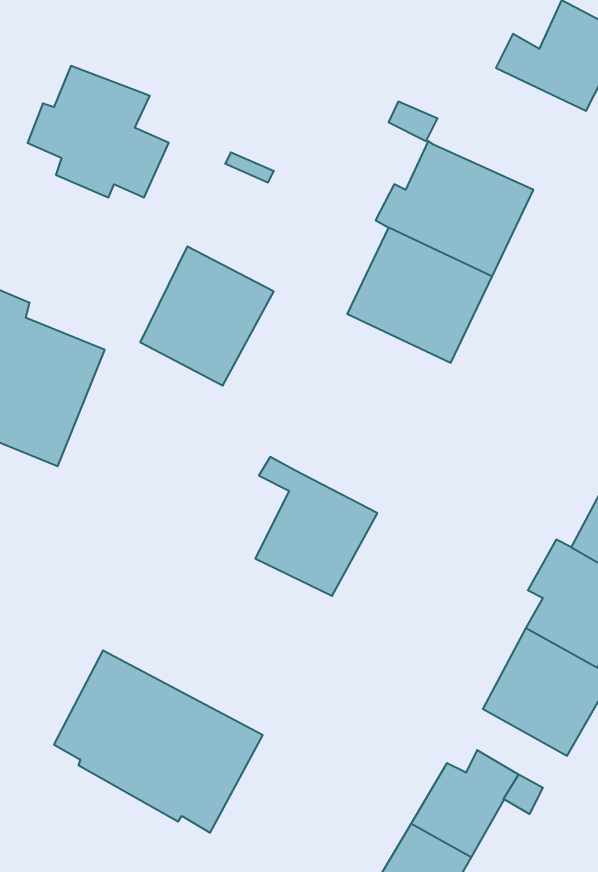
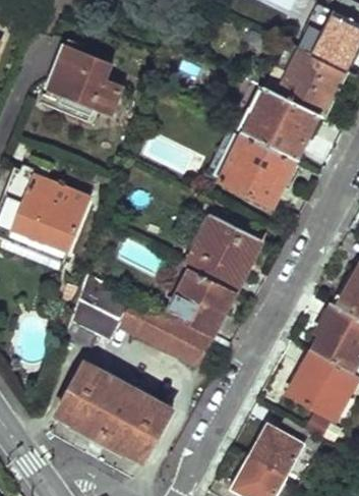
building: none -> [263,47,346,117]
building: [140,246,274,386] -> [188,214,260,289]
building: none -> [64,272,212,365]

